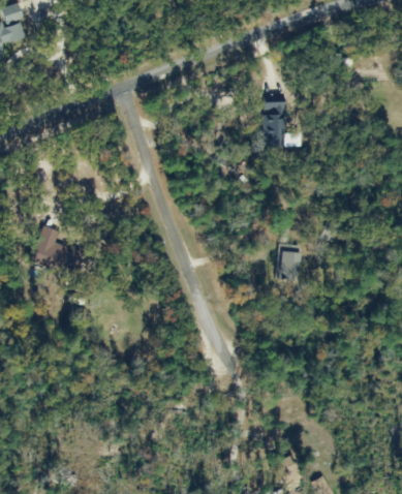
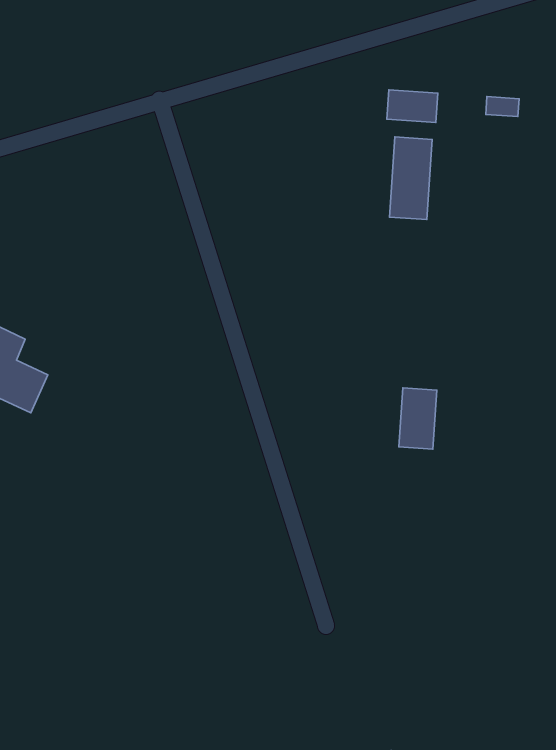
building: none -> [387,90,438,122]

